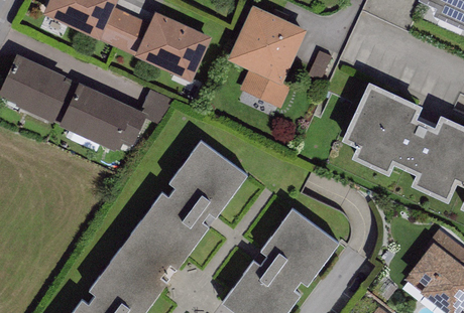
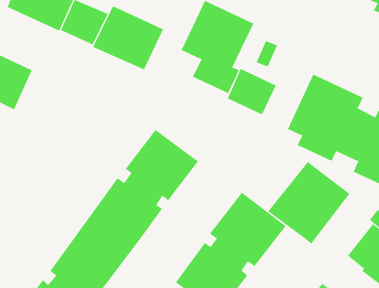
building: none -> [227,68,276,115]
building: [57,82,144,152] -> none
building: none -> [267,161,350,244]

